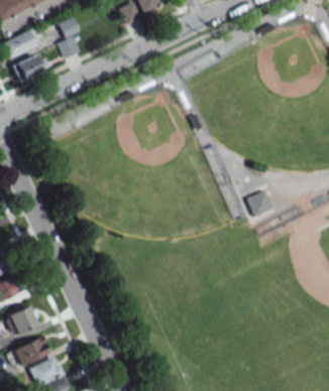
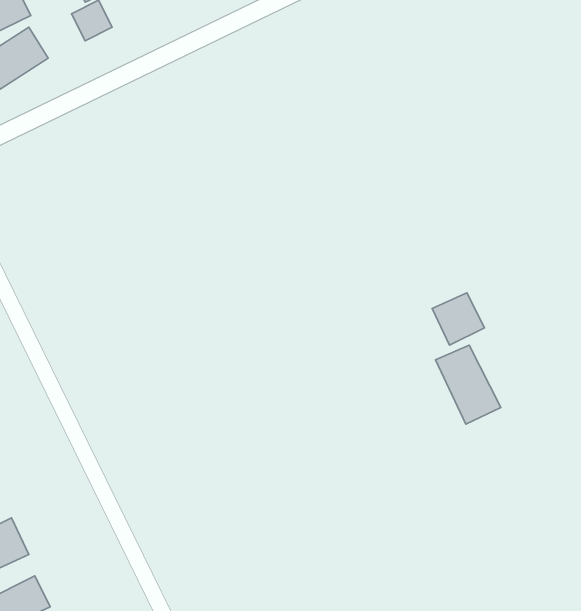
building: none -> [435,345,501,424]

